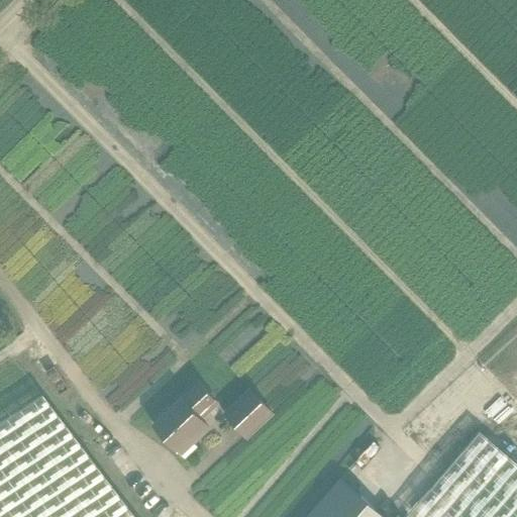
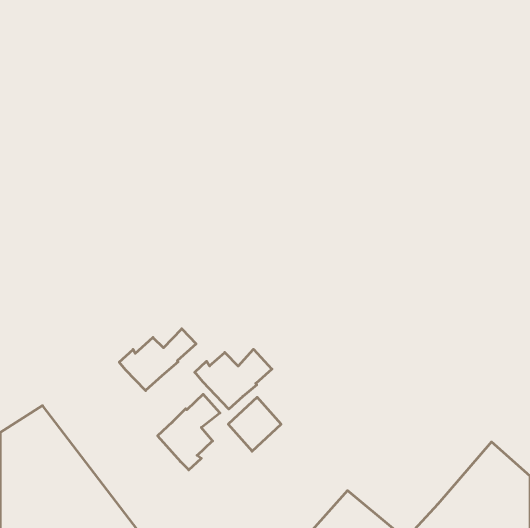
building: none -> [119,329,196,391]
building: none -> [195,349,272,409]

